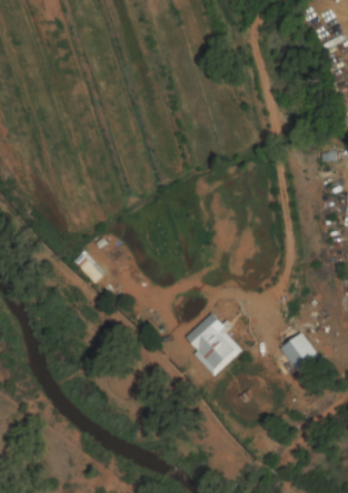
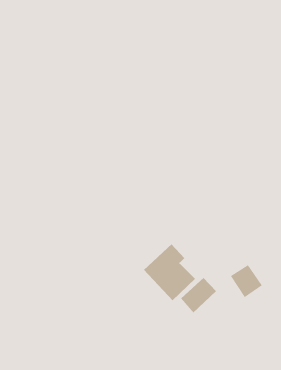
building: none -> [180,277,217,314]

